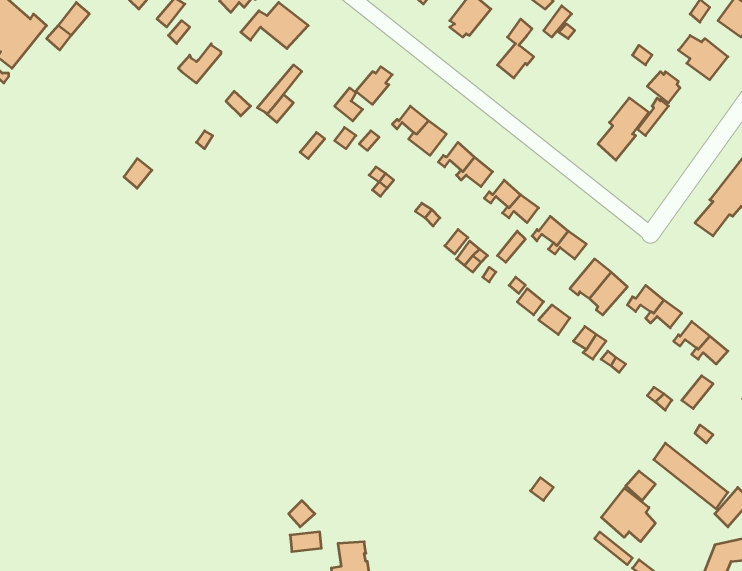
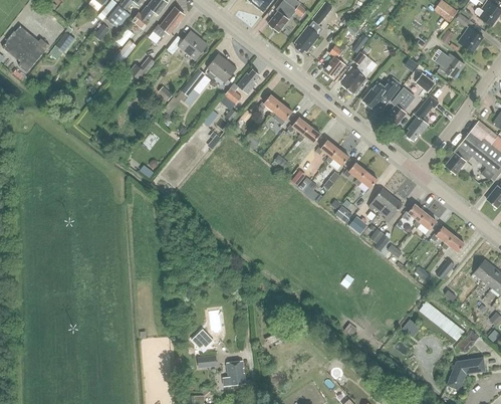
building: none -> [341,51,370,92]
building: none -> [207,53,237,82]
building: none -> [362,77,401,110]
building: none -> [406,96,438,141]
building: [601,488,655,542] -> none

